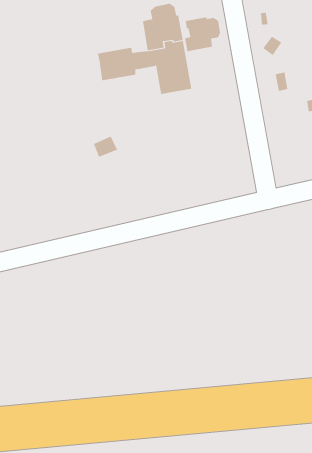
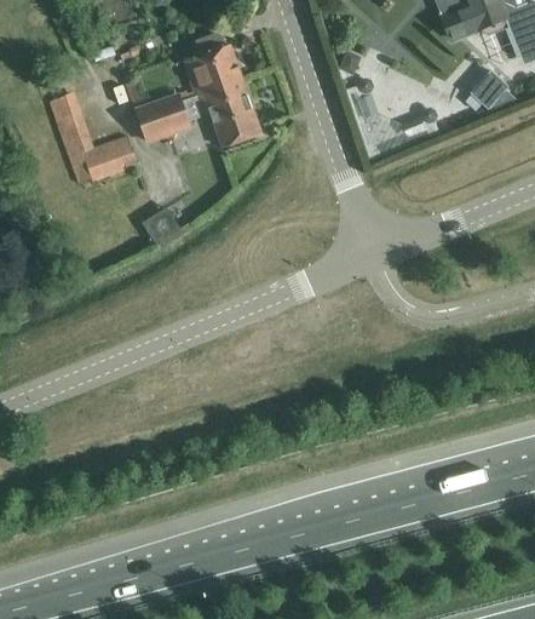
building: [185,17,221,52] -> none
building: none -> [48,91,138,182]

